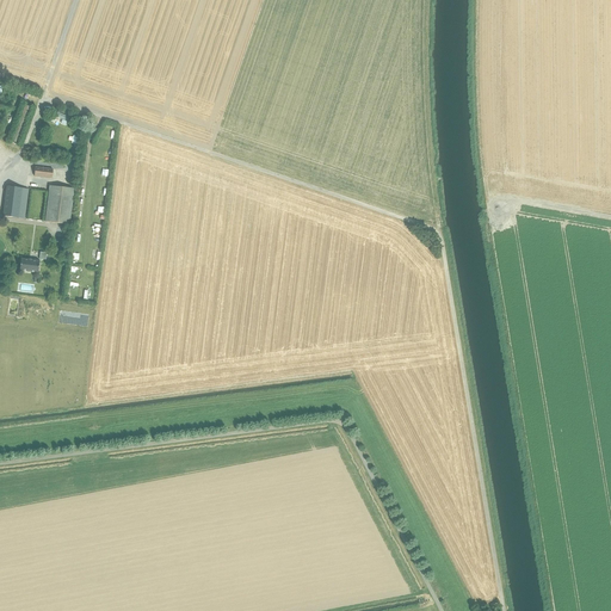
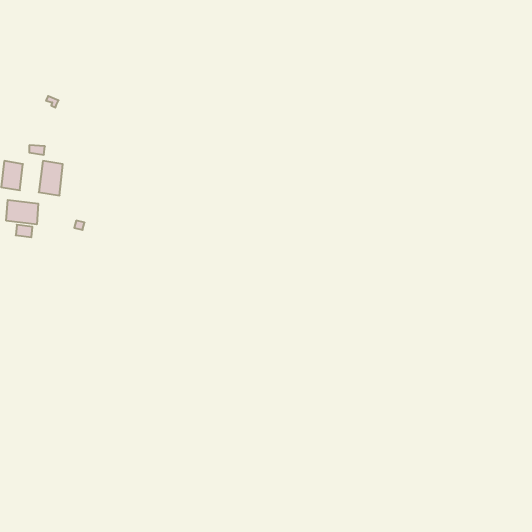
building: none -> [6,200,38,224]

